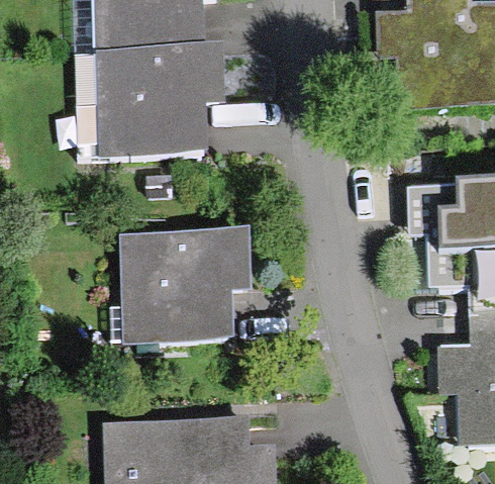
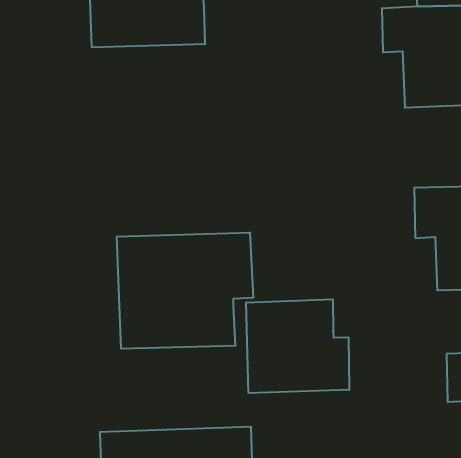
building: [96,45,225,156] -> none
building: none -> [246,299,349,393]

